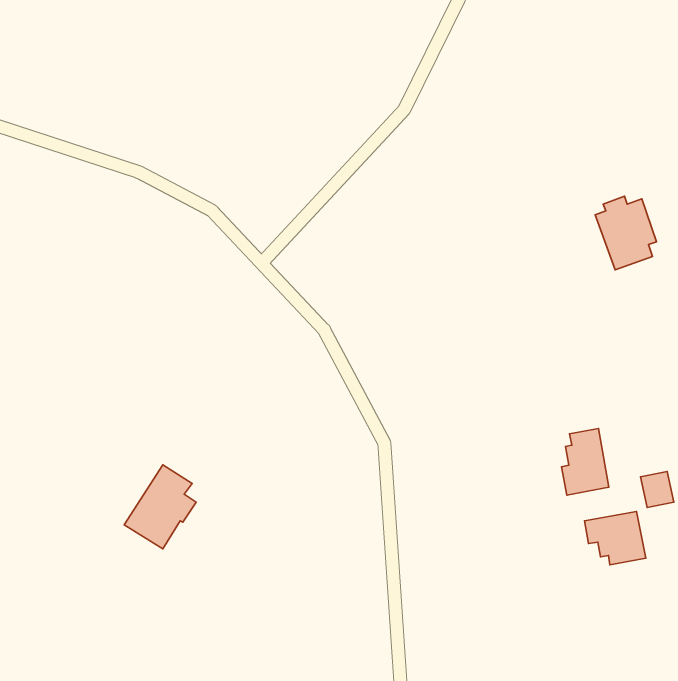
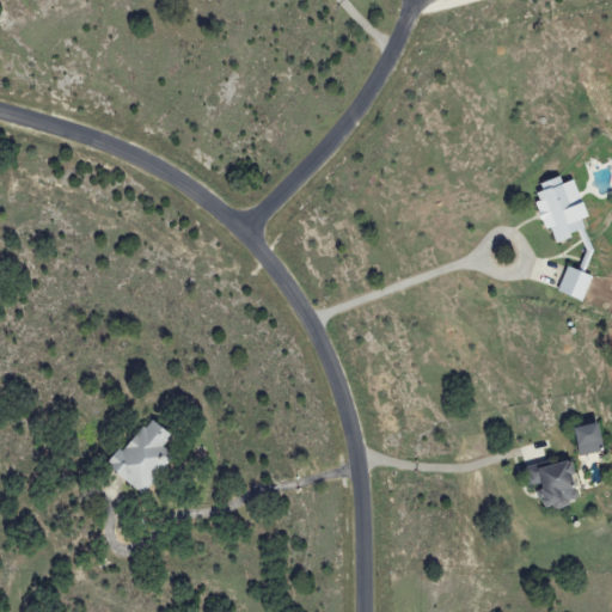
building: none -> [557,264,590,299]
building: [562,428,609,495] -> none

